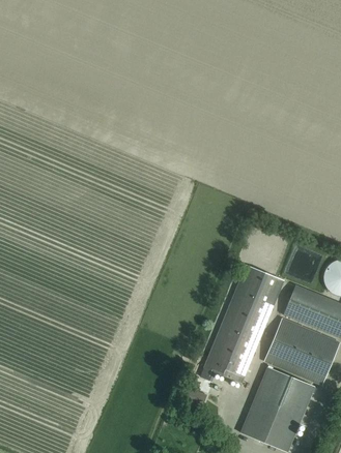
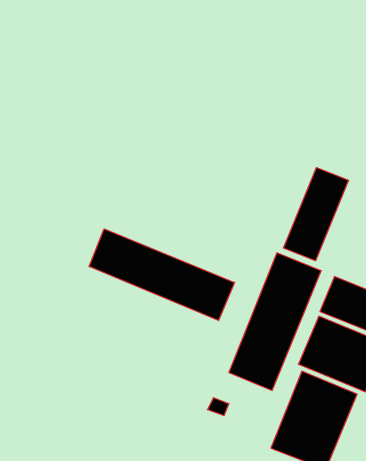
building: none -> [283,168,348,261]
building: none -> [89,229,235,321]

